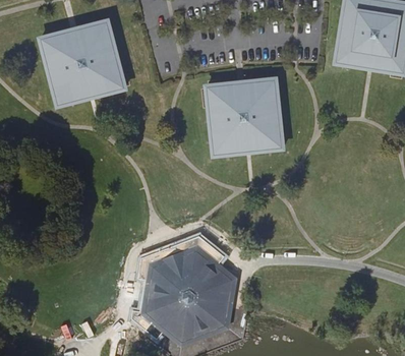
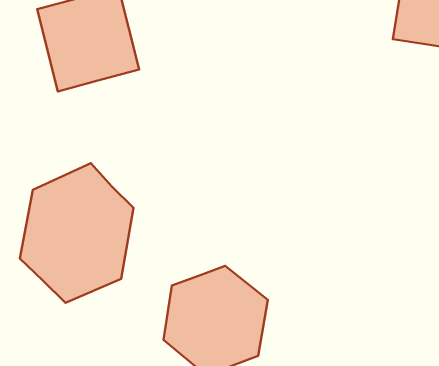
building: [206,76,285,155] -> none
building: none -> [20,163,133,303]

